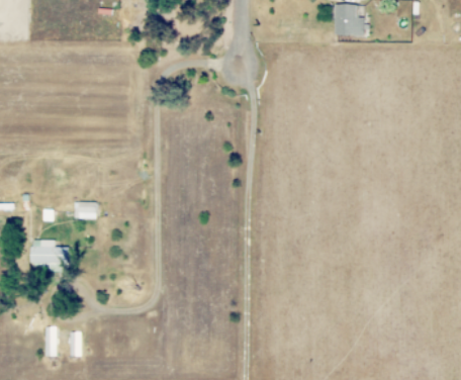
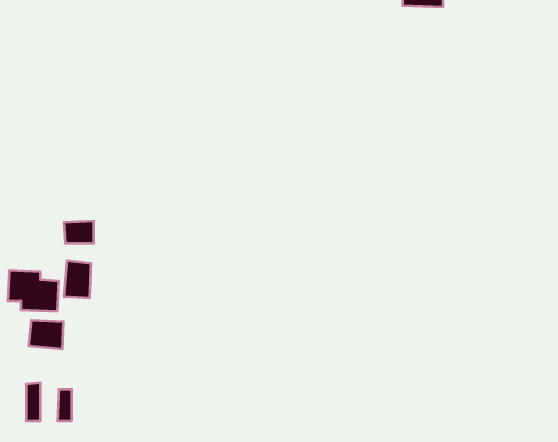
building: none -> [64,261,91,298]
building: none -> [29,320,63,349]

